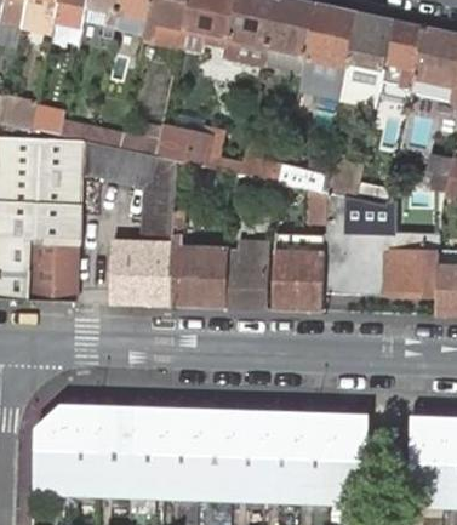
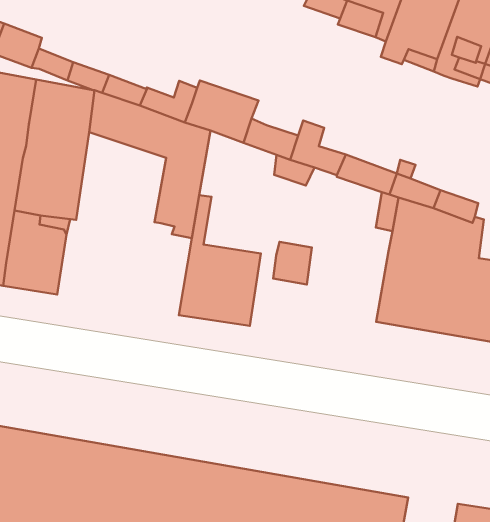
building: [274,232,326,308] -> none
building: [112,240,173,303] -> none
building: [227,247,267,306] -> none

